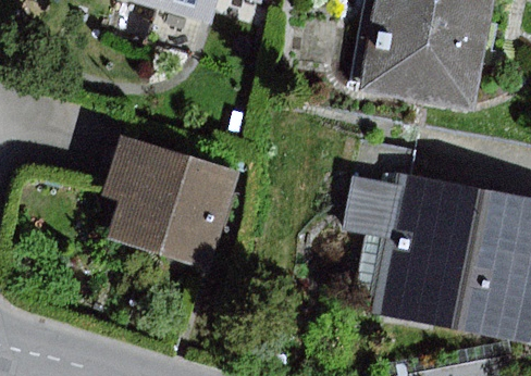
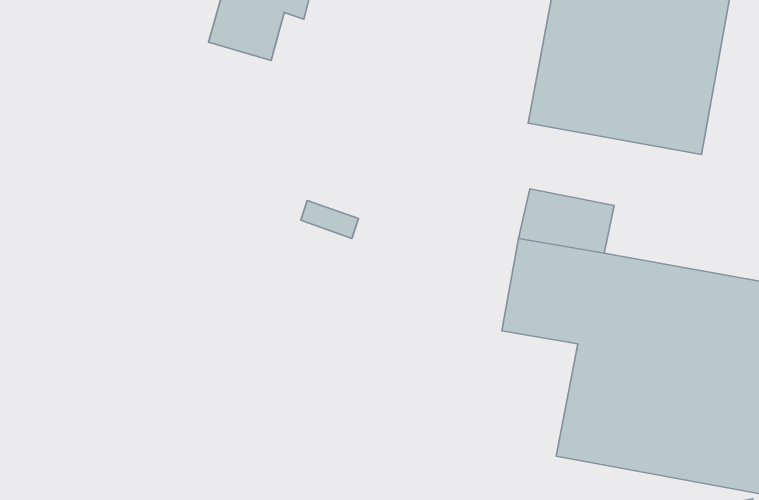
building: [101,136,238,270] -> none

